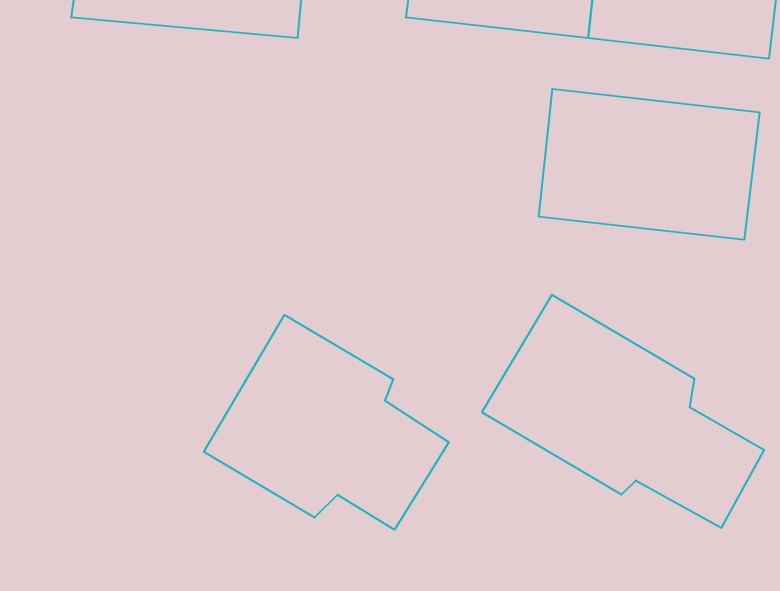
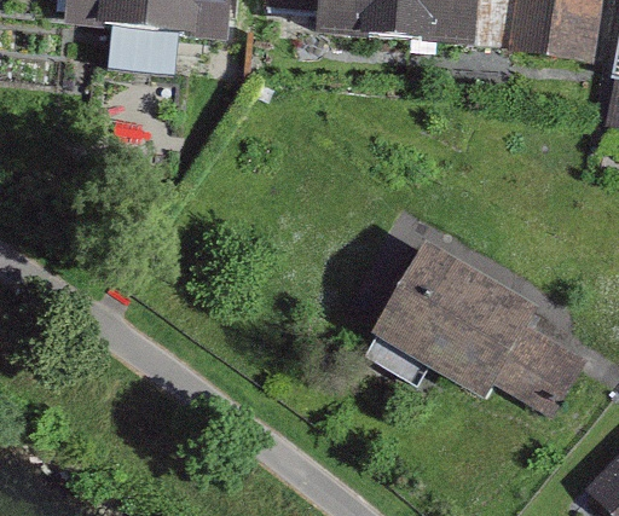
building: [539,89,760,240] -> none
building: [204,315,449,530] -> none

